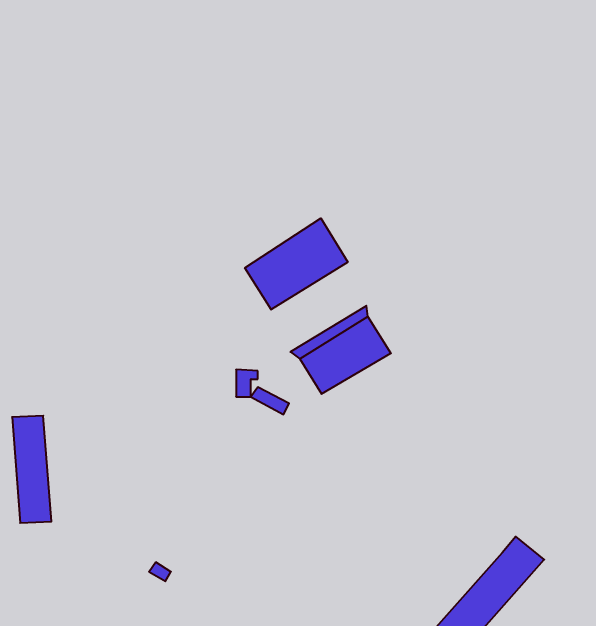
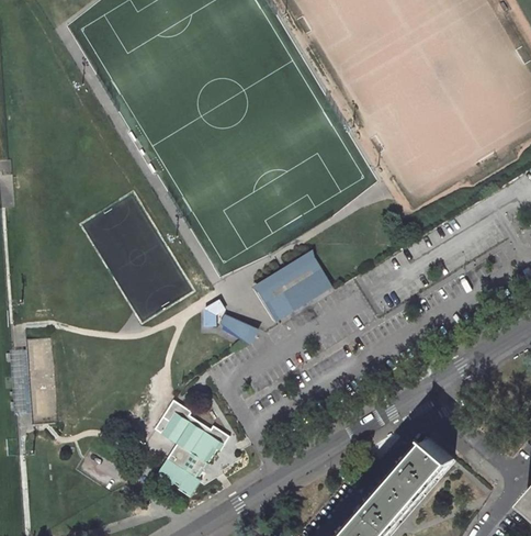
building: [245,218,348,310] -> none
building: none -> [157,400,226,496]

